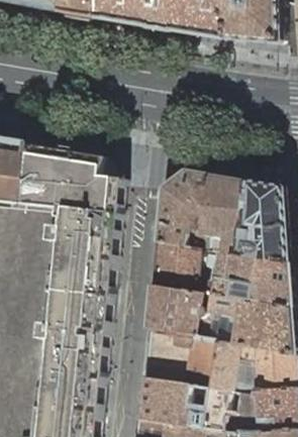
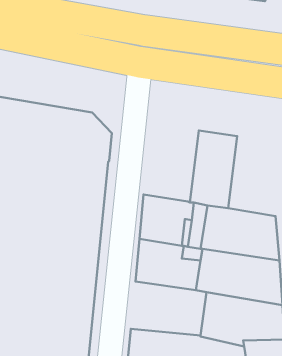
building: [153,170,209,248] -> none
building: [239,181,288,262] -> none
building: [139,329,217,385] -> none

